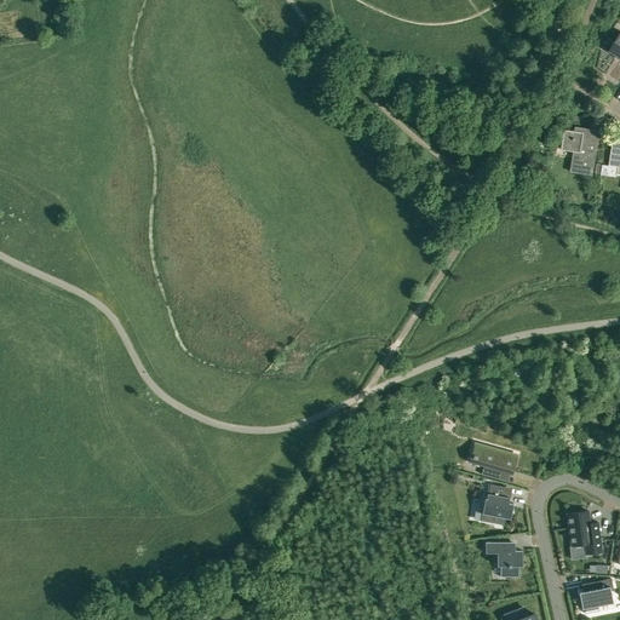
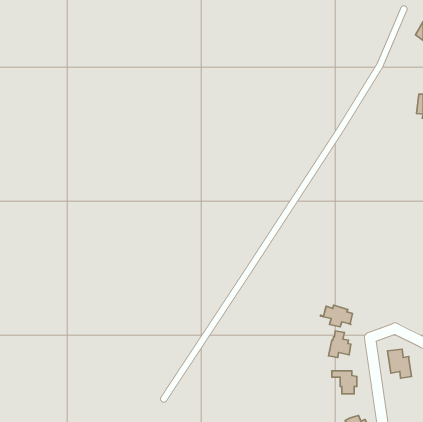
building: [561,128,599,177] -> none
building: [579,580,613,612] -> none

